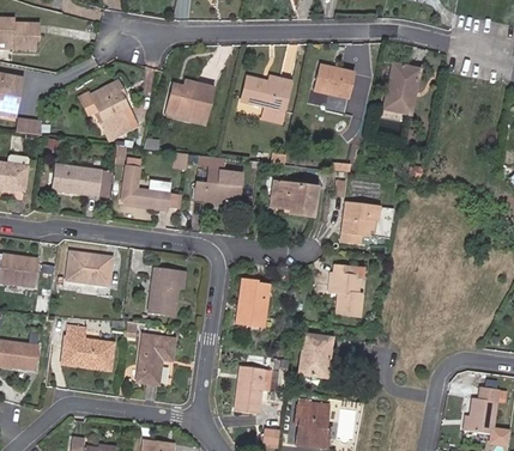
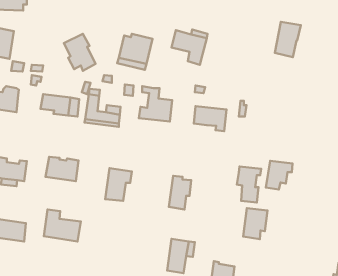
building: [315,65,353,98] -> none
building: [341,203,379,243] -> [266,161,293,189]
building: [300,334,333,377] -> [243,208,267,239]
building: [138,335,175,384] -> none

